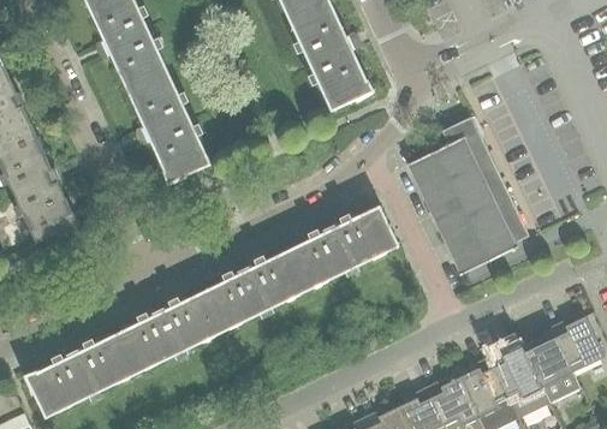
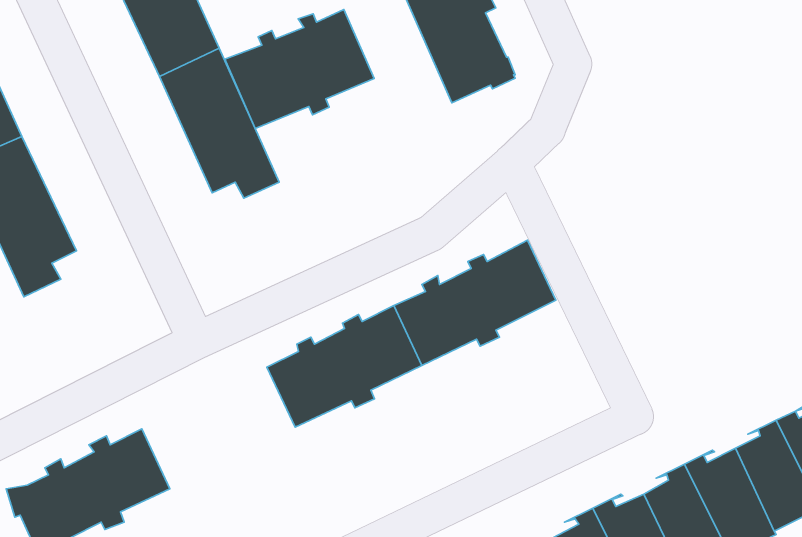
building: none -> [225,9,374,128]
building: [406,117,528,275] -> none
building: [117,291,221,374] -> none

